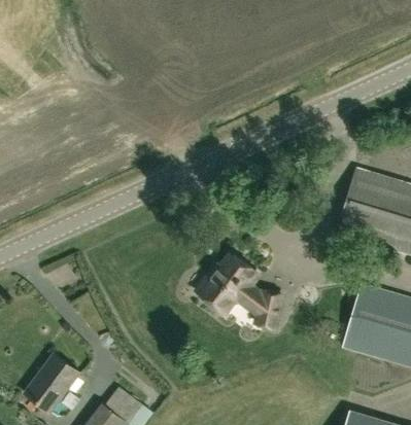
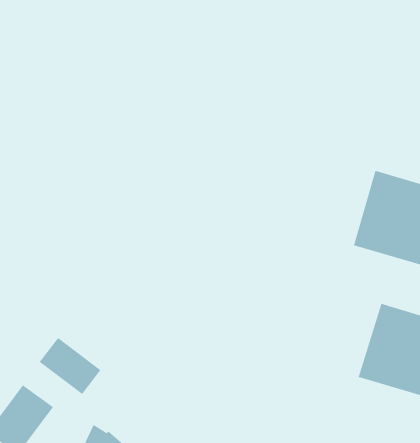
building: [195,251,284,327] -> none
building: none -> [39,337,101,395]

